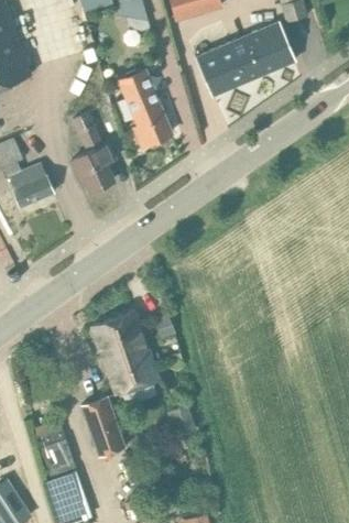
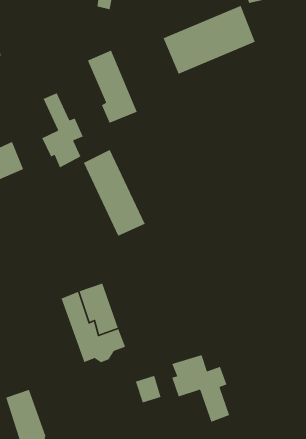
building: none -> [83,149,146,237]
building: none -> [171,354,230,423]
building: [81,396,126,465] -> none

